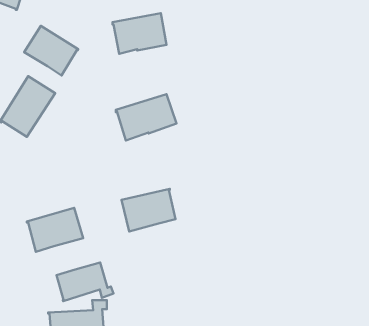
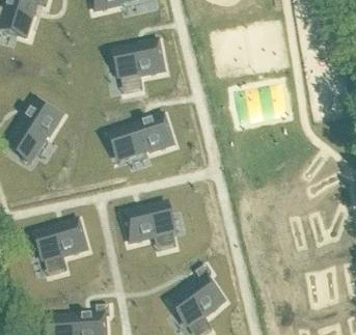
building: [24,26,78,76] -> none
building: none -> [169,267,223,326]
building: [57,262,114,301] -> none

